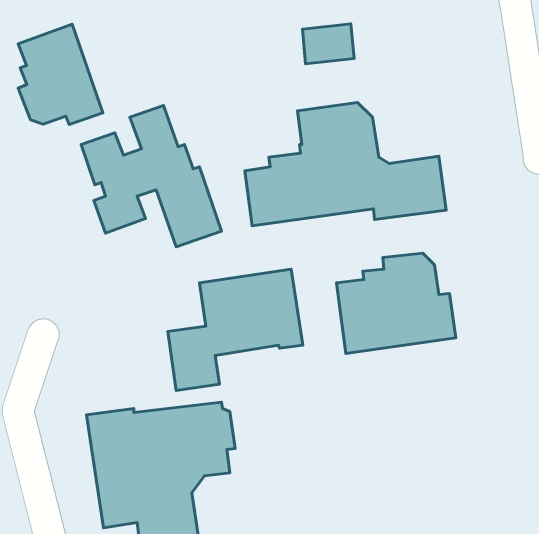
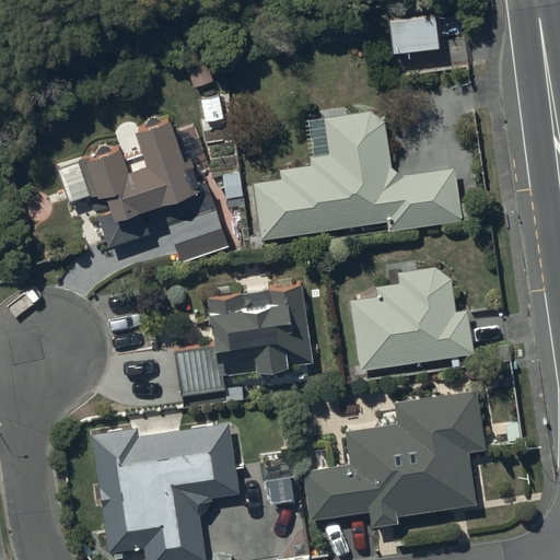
building: [302,24,354,64] -> [387,12,441,54]
building: [18,24,103,125] -> none
building: none -> [303,392,483,525]

